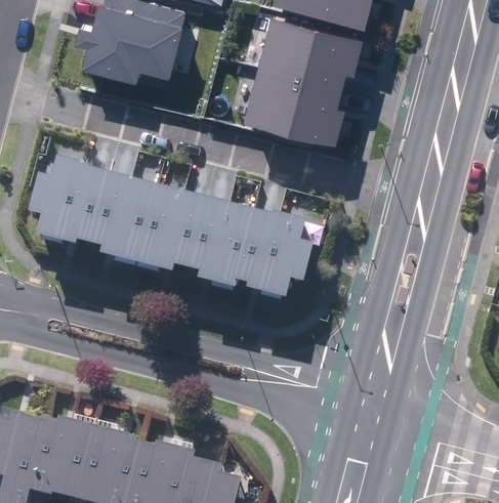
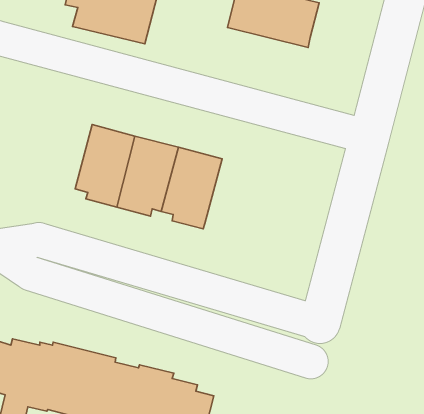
building: [247,60,350,133] -> none
building: [29,158,107,246] -> none
building: [234,209,313,298] -> none

